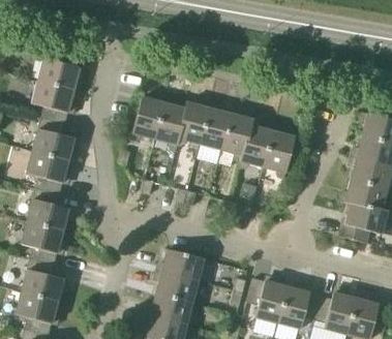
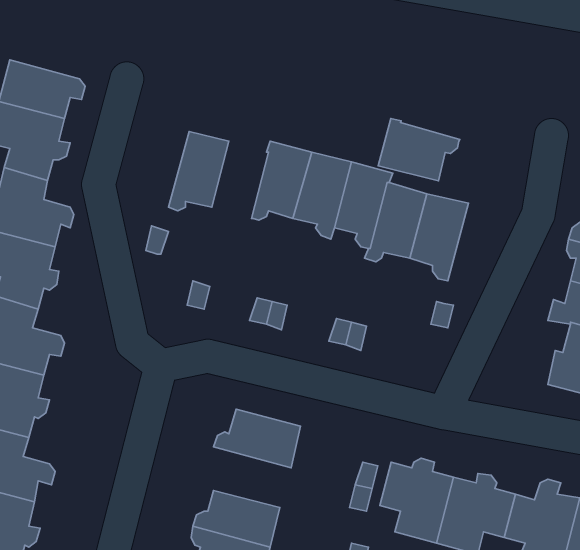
building: none -> [378,119,460,181]
building: [154,102,185,150] -> none
building: [153,270,198,303] -> none

